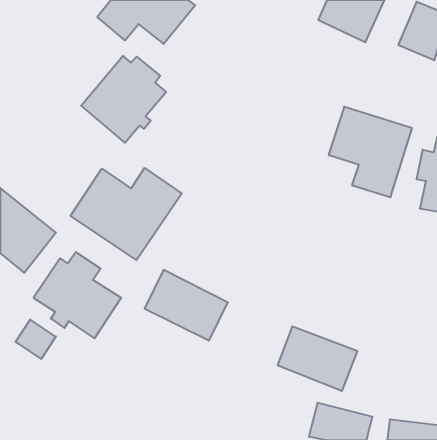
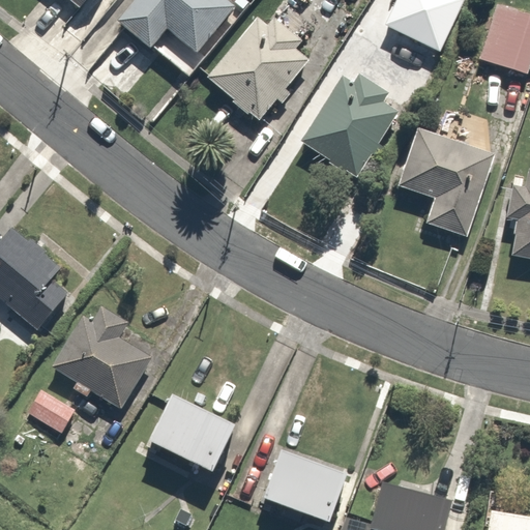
building: [81,56,166,143] -> [210,17,313,121]
building: none -> [304,73,401,177]
building: [70,168,182,260] -> none
building: [145,270,228,341] -> [128,388,229,473]
building: [278,326,358,391] -> [247,445,344,523]

